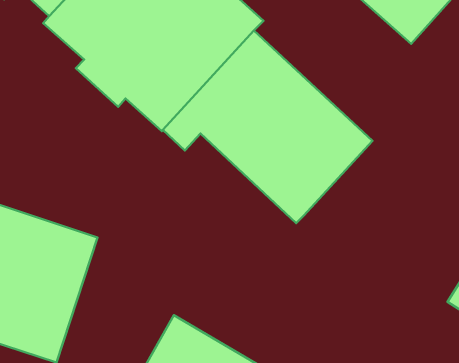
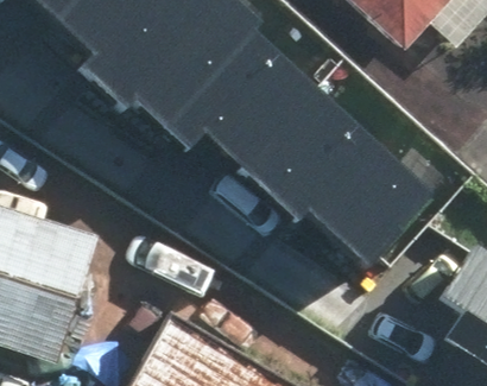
building: none -> [303,141,434,272]

